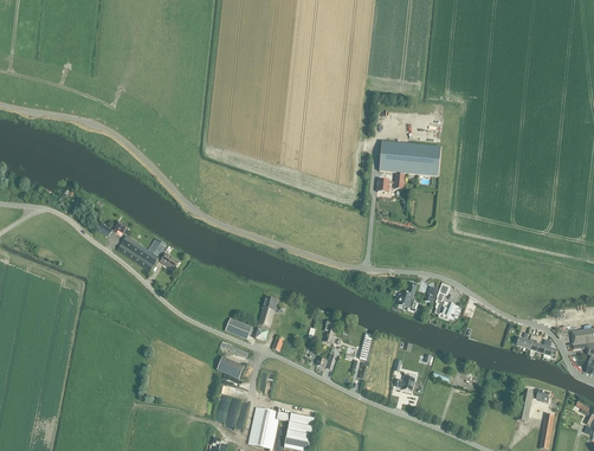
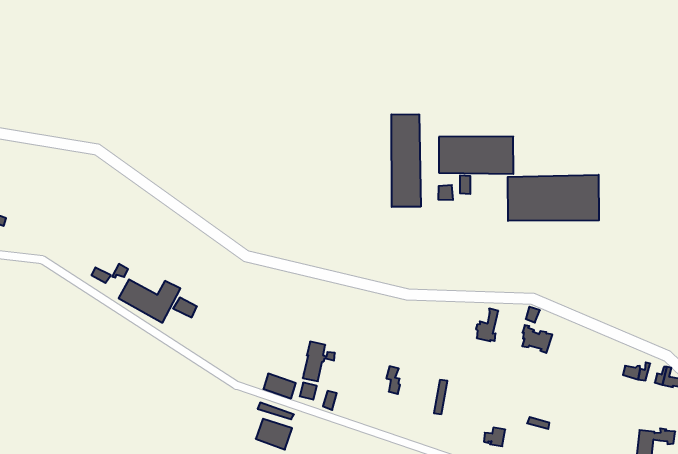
building: none -> [391,114,421,207]
building: none -> [508,175,599,221]

